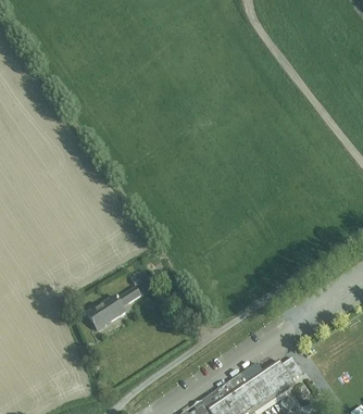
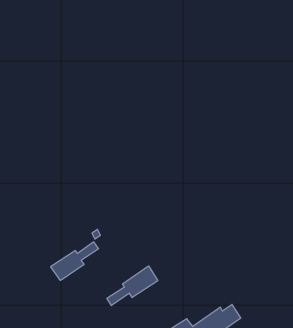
building: none -> [107,266,158,306]

